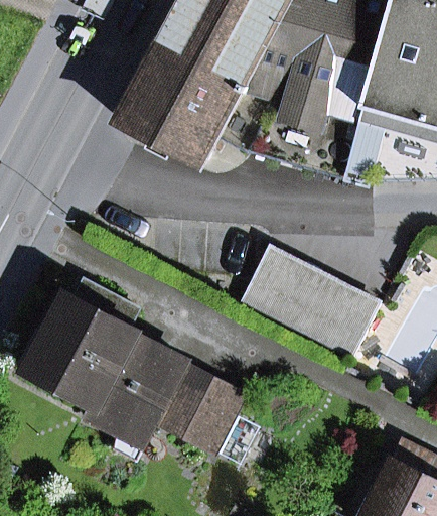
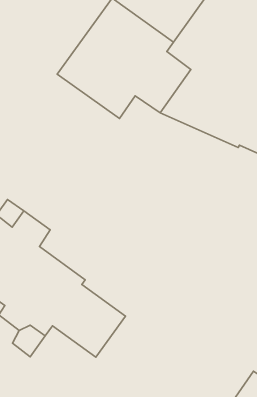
building: [242,245,379,355] -> none

